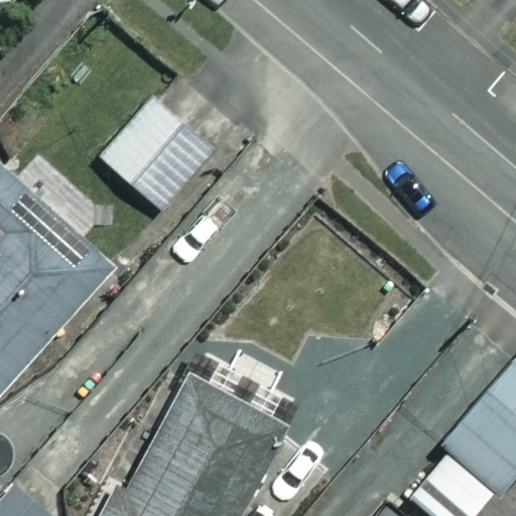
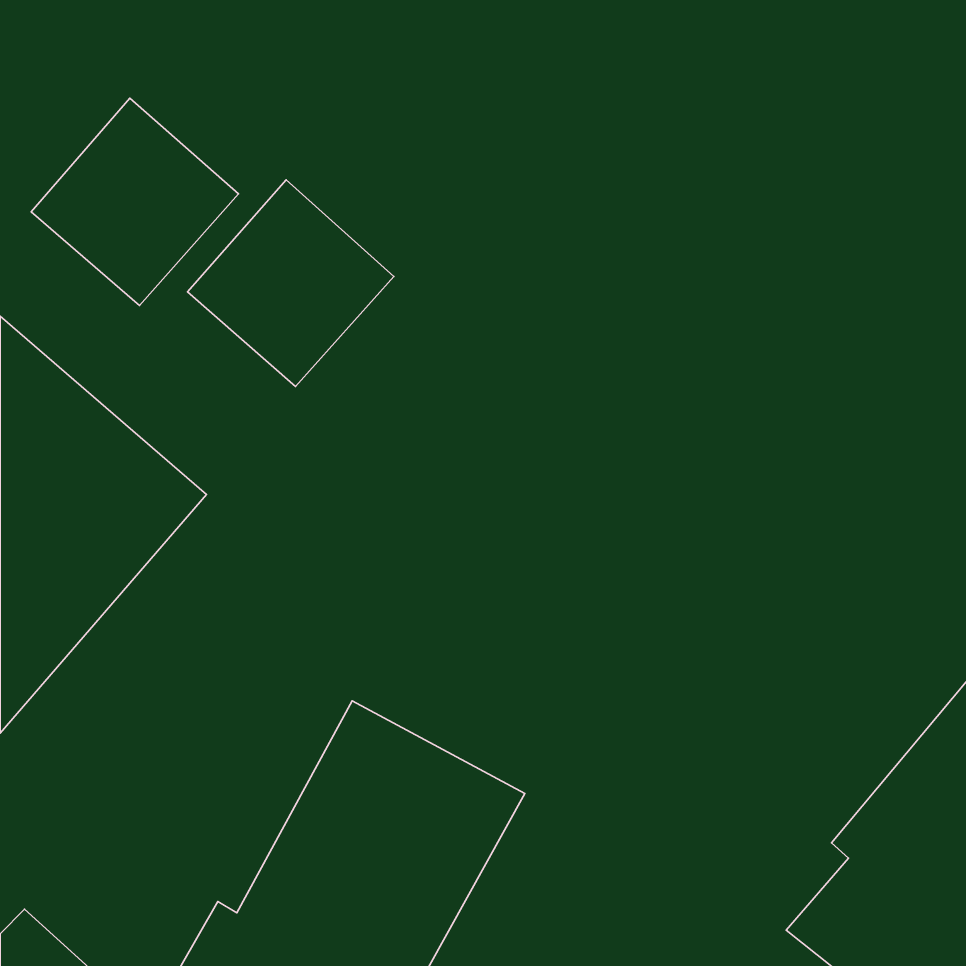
building: none -> [31,98,238,306]

